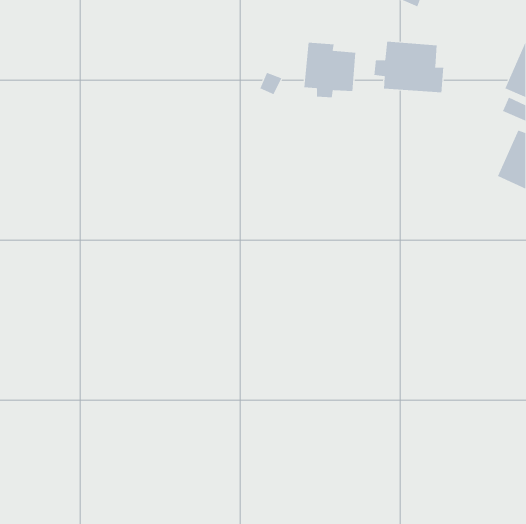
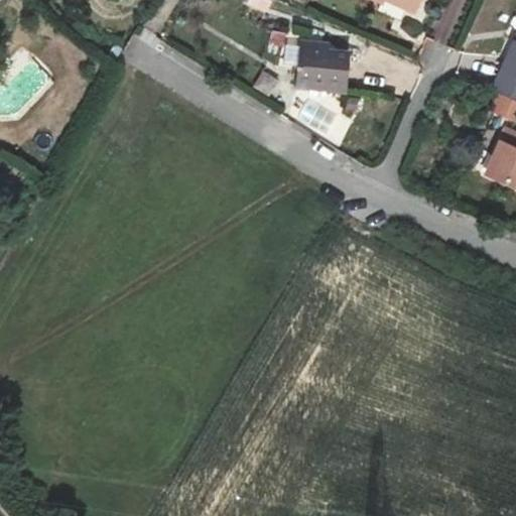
building: [374,41,444,93] -> none

